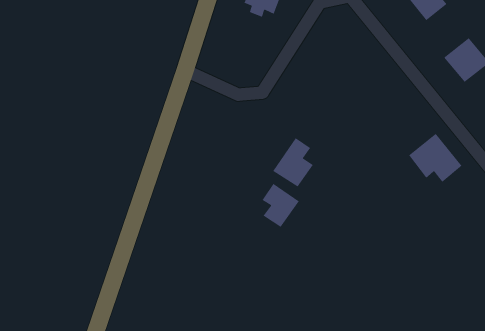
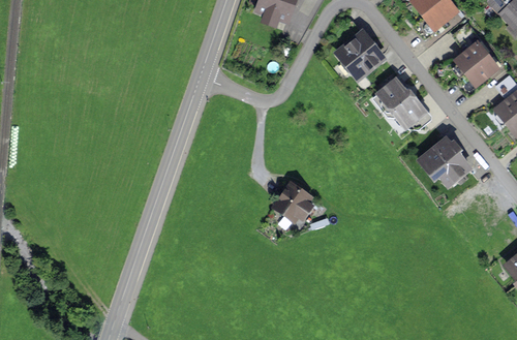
building: none -> [337,31,385,79]
building: none -> [370,79,422,133]
building: [272,137,314,187] -> none

